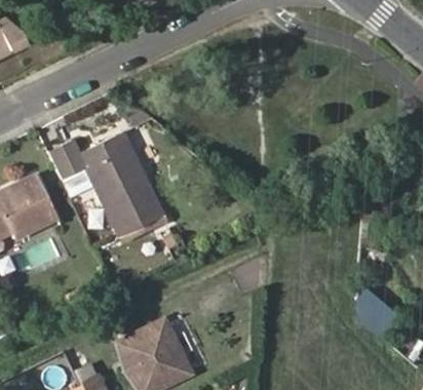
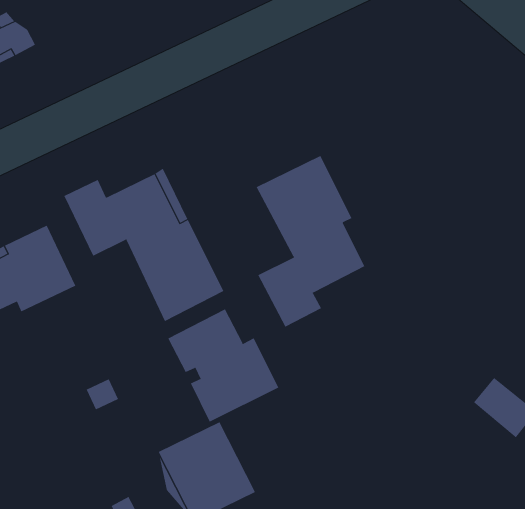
building: none -> [256,155,365,327]
building: none -> [167,308,279,423]

